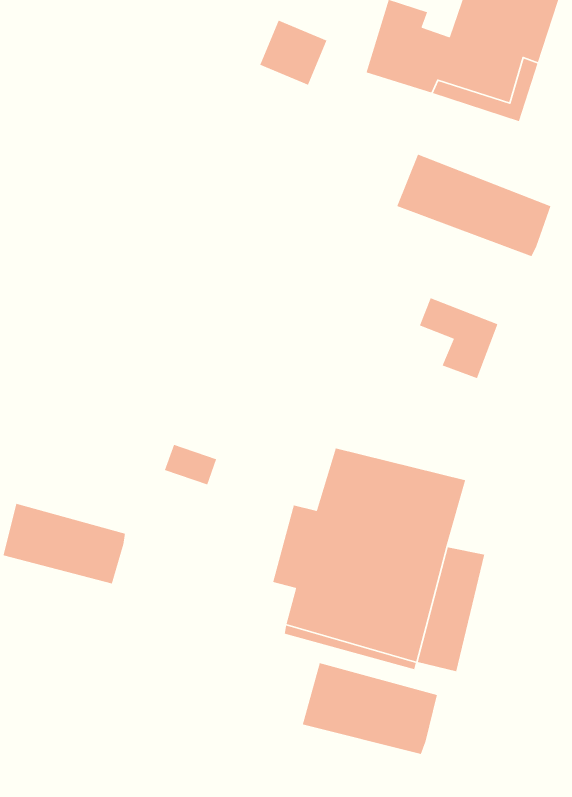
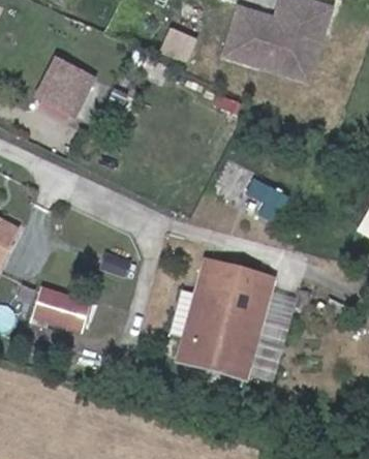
building: none -> [41,64,96,122]
building: [396,154,552,257] -> none
building: [302,662,438,755] -> none

